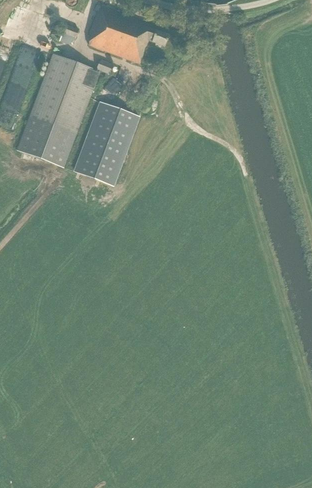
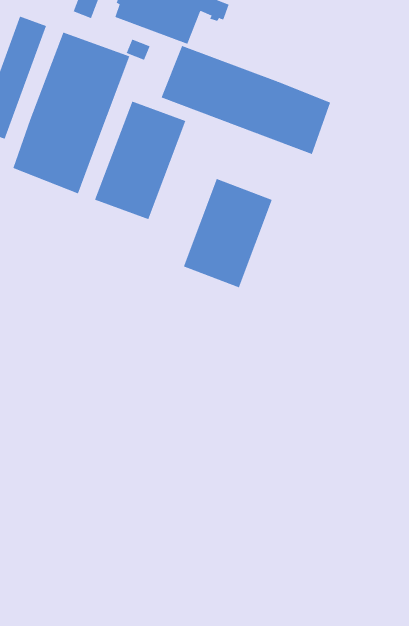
building: none -> [161,45,331,155]
building: none -> [183,178,272,288]

